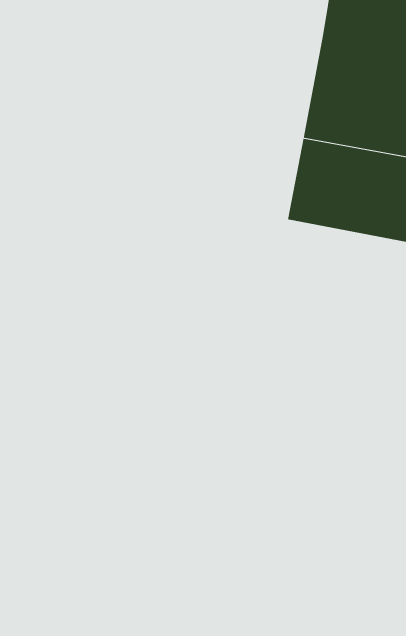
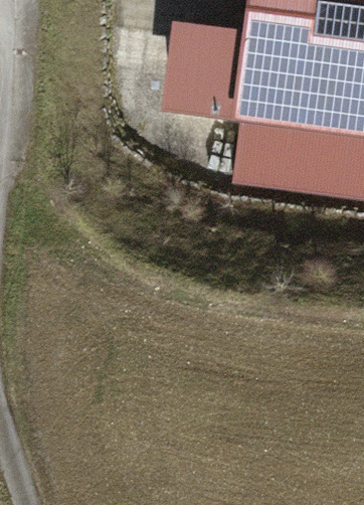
building: none -> [169,28,254,115]

